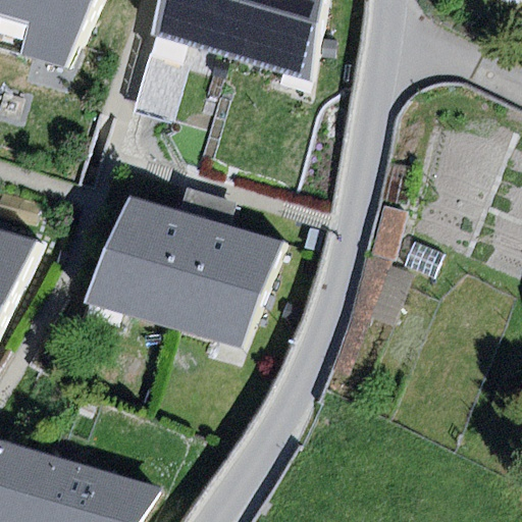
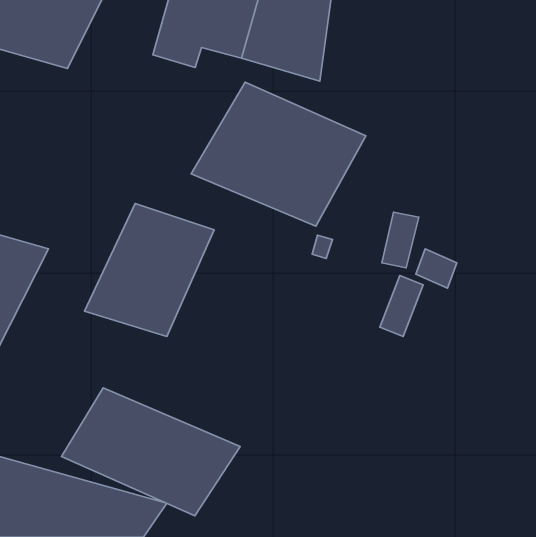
building: none -> [191,82,366,226]
building: [161,222,282,346] -> none
building: none -> [62,388,240,516]

